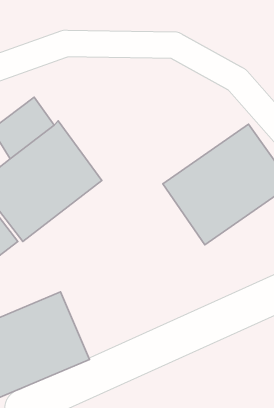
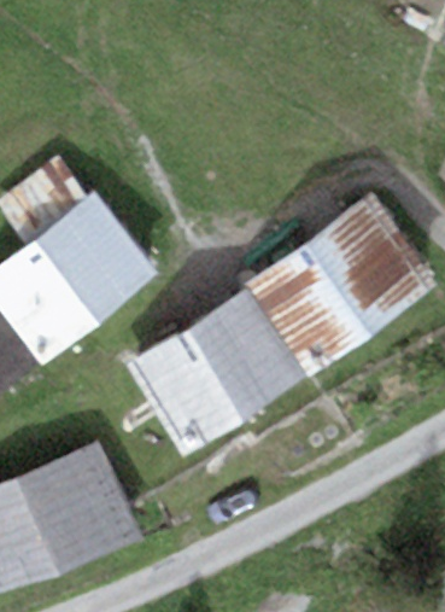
building: none -> [136,288,305,449]

